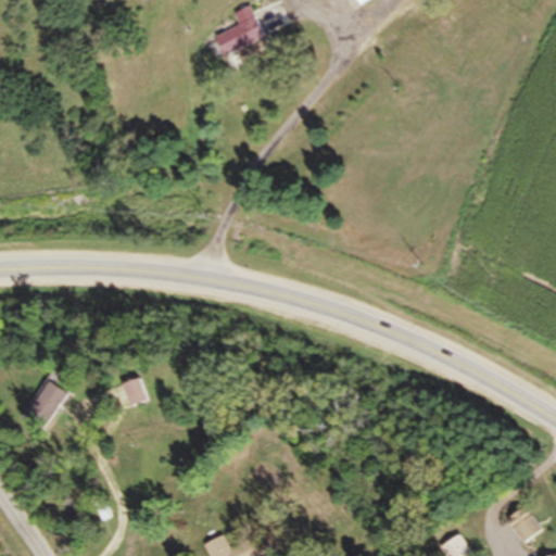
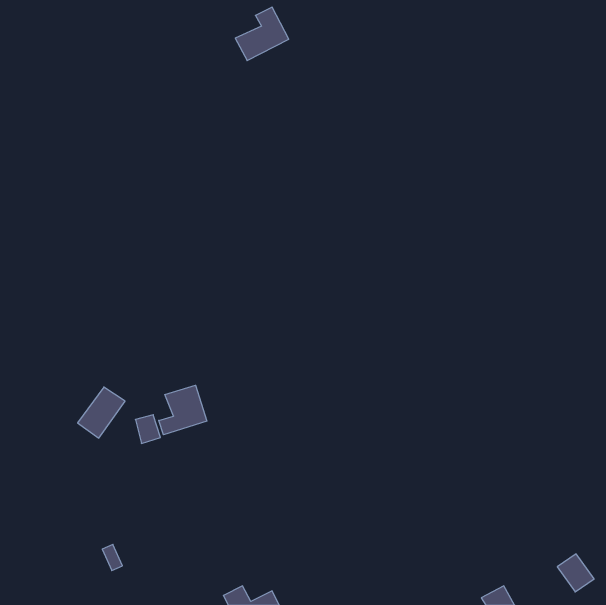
building: none -> [159,385,207,435]
building: [20,382,63,429] -> [78,387,125,438]

